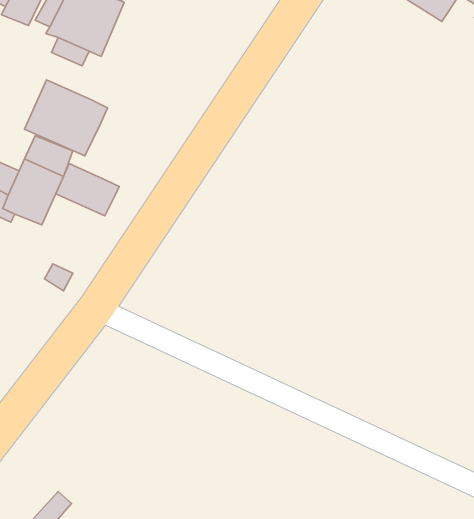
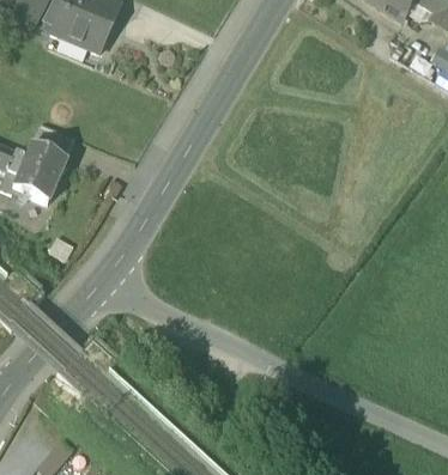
building: [25,80,108,156] -> none
building: [56,164,119,216] -> none

